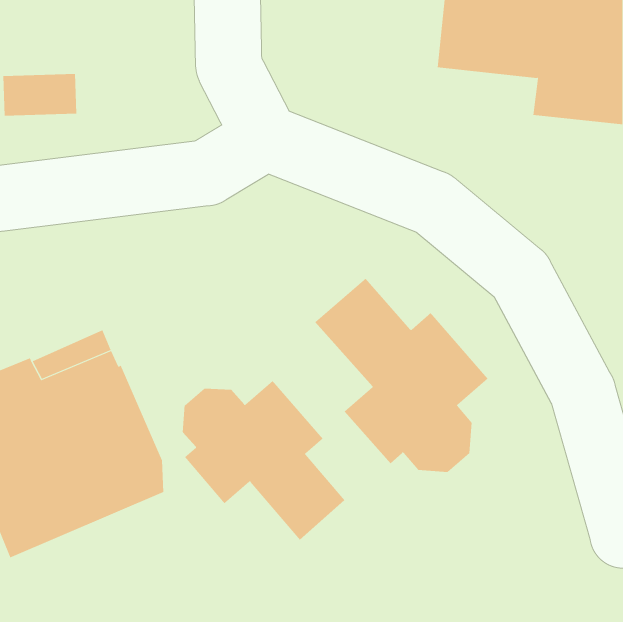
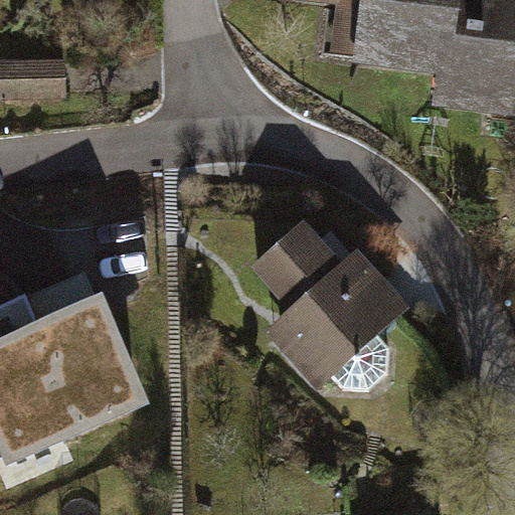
building: [182,380,345,540] -> none

